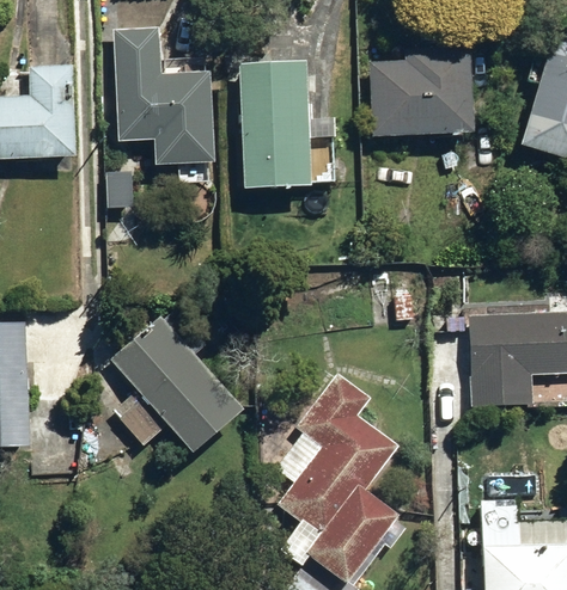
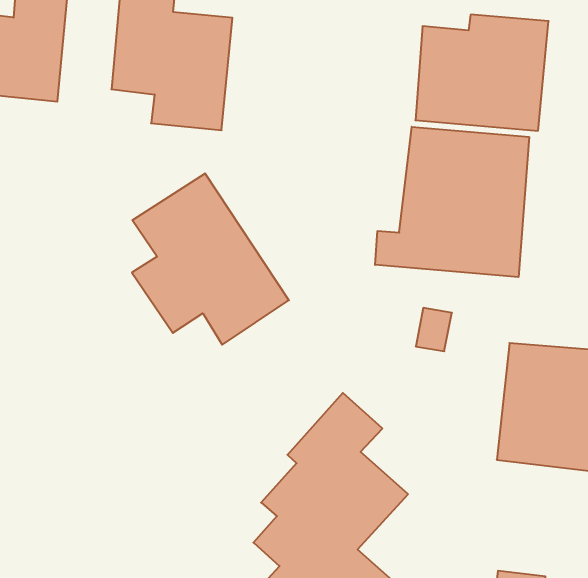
building: [238,61,307,191] -> none
building: none -> [375,127,529,277]
building: [106,314,243,453] -> [132,173,289,345]

